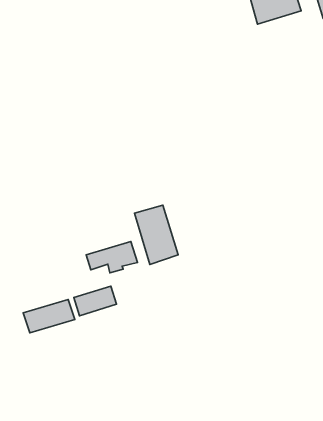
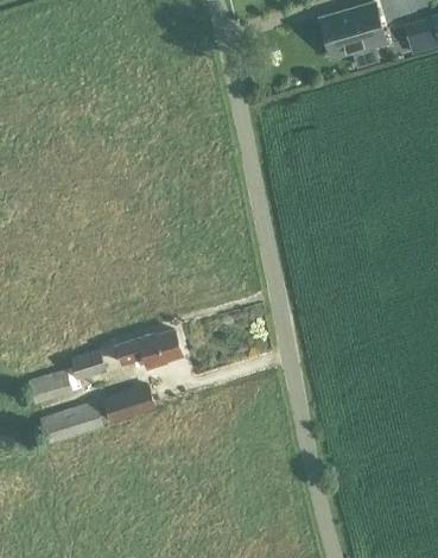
building: [135,205,178,264] -> none
building: none -> [27,349,107,404]

